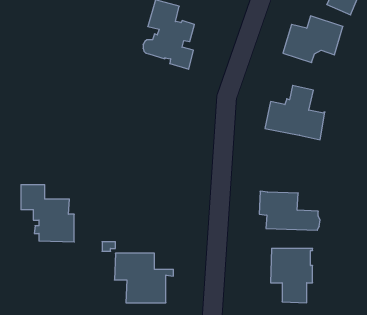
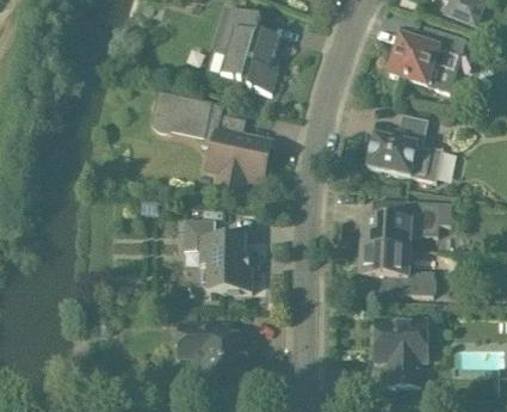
building: none -> [153,91,270,193]
building: none -> [360,199,451,248]
building: [21,185,74,242] -> [184,220,251,291]

